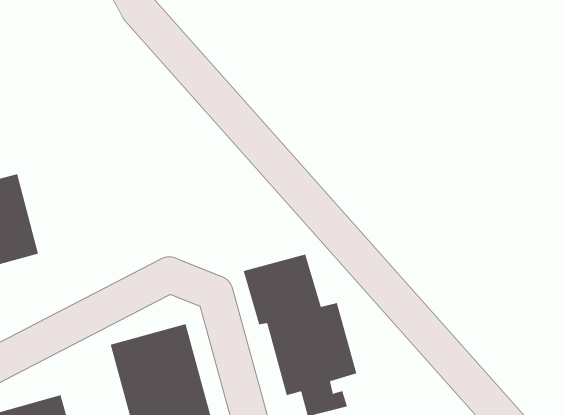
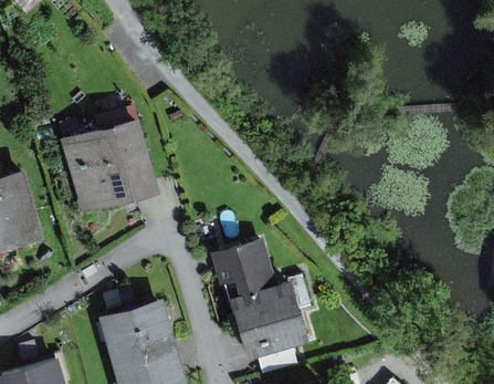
building: none -> [59,117,159,216]

